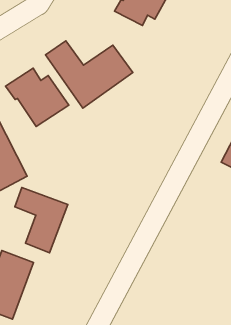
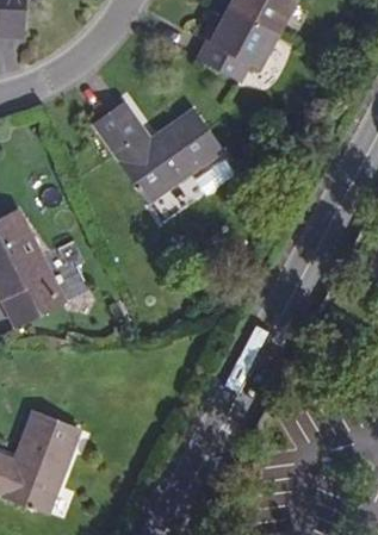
building: [5,68,69,126] -> none
building: [15,187,68,253] -> none

